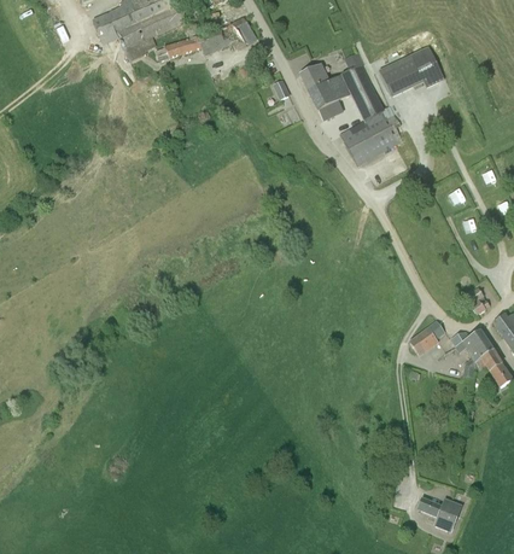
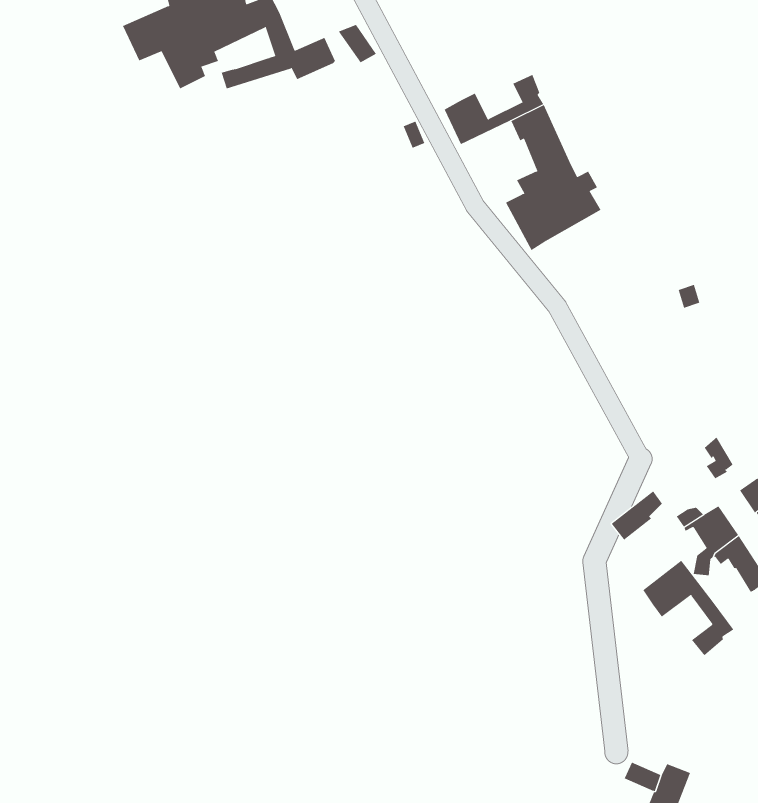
building: [379,46,439,97] -> none
building: [311,82,350,121] -> none
building: none -> [643,560,734,656]

